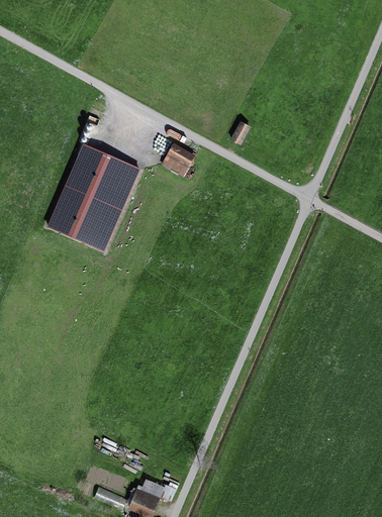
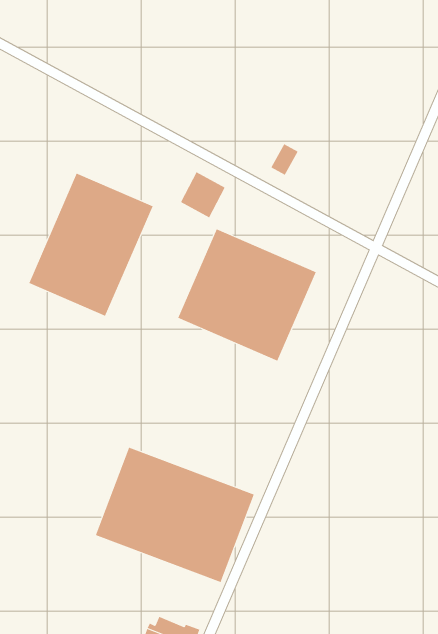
building: none -> [177,228,316,362]
building: none -> [95,447,254,583]

